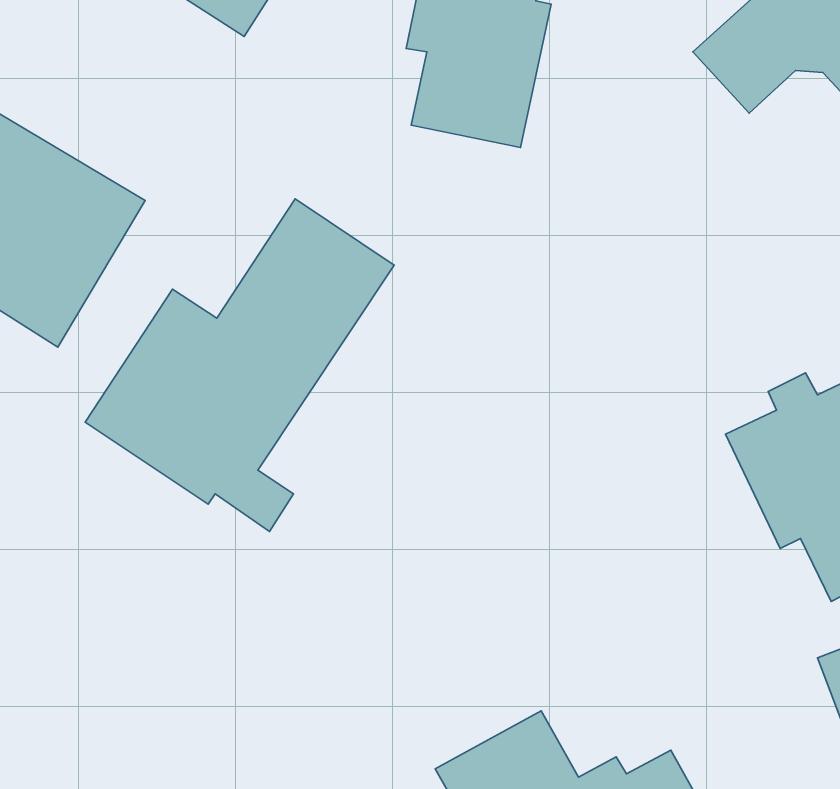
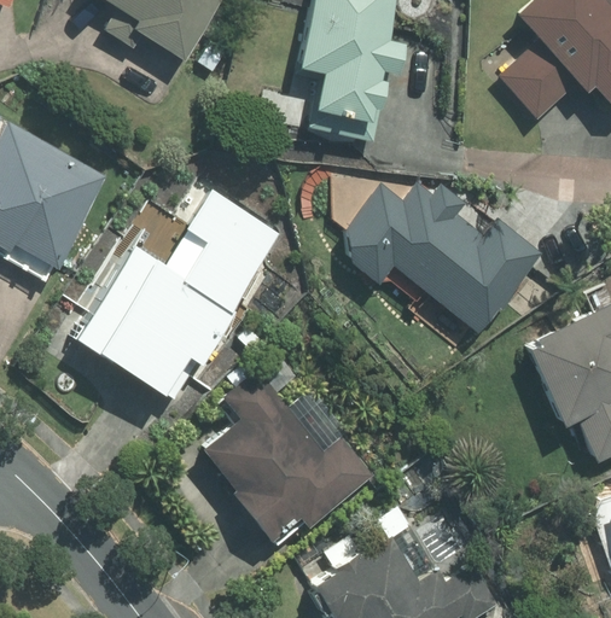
building: none -> [344,180,543,333]
building: none -> [193,352,386,538]

